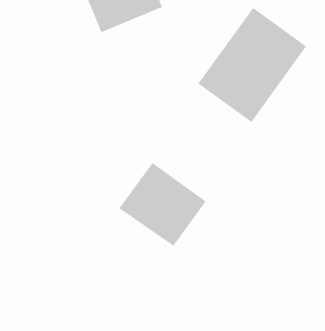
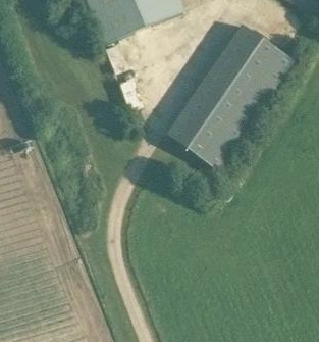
building: [119,162,206,246] -> [164,91,244,167]

